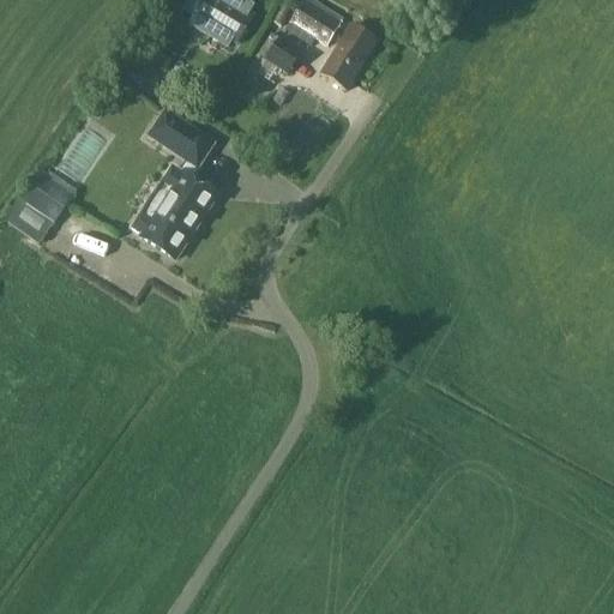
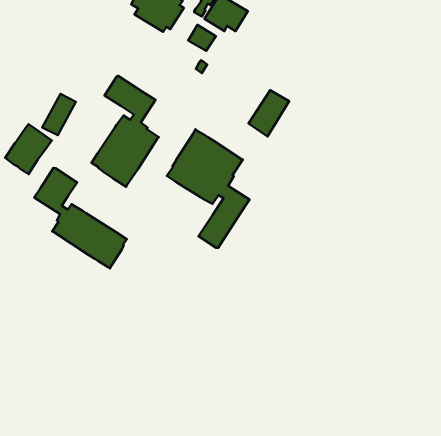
building: [320,23,377,88] -> [248,90,289,137]
building: none -> [167,129,249,248]
building: none -> [34,168,127,268]

